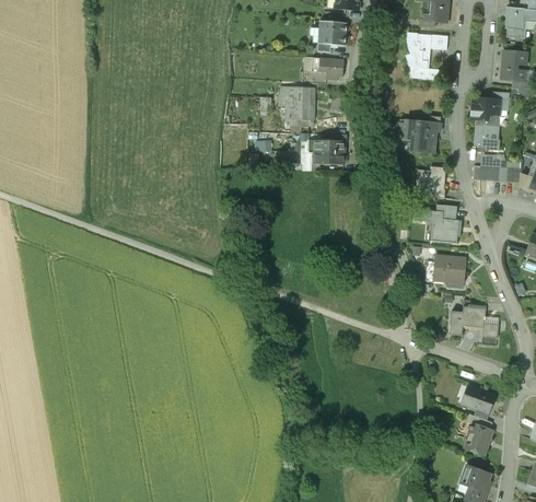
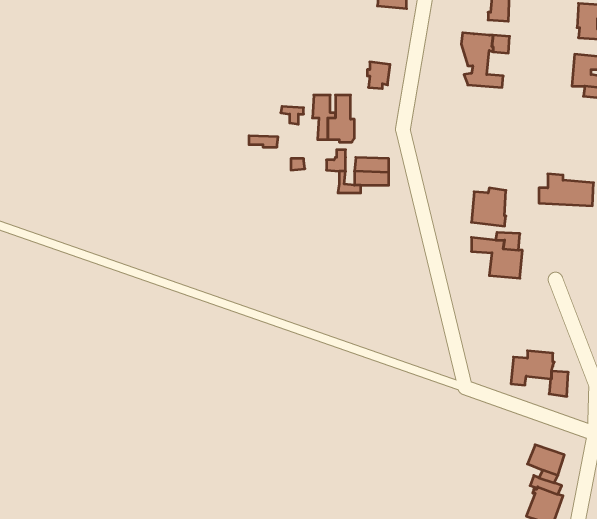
building: [318,21,347,45] -> none
building: [469,93,508,149] -> none
building: [399,119,441,153] -> none
building: [426,256,465,288] -> none

